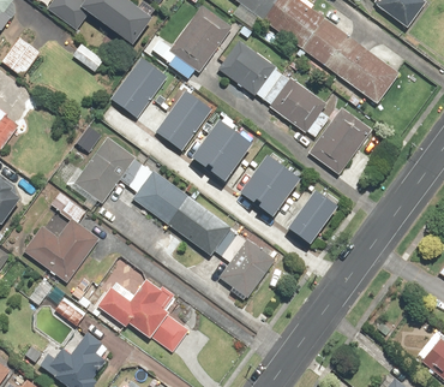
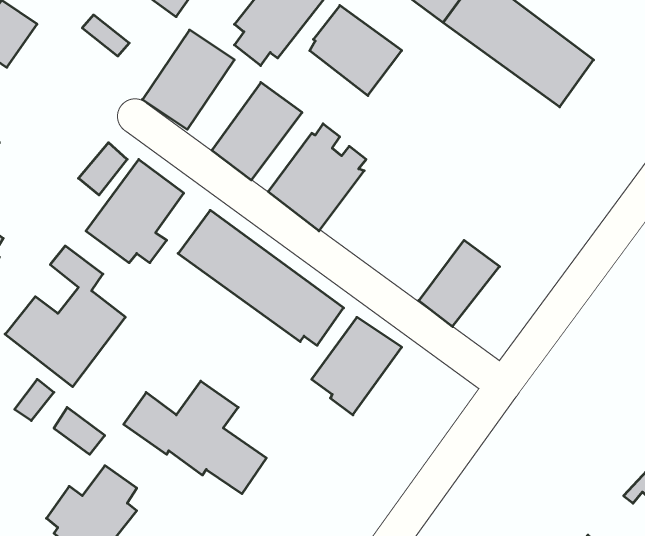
building: [269,77,326,133] -> none
building: [307,107,372,175] -> none
building: [238,151,300,219] -> none

